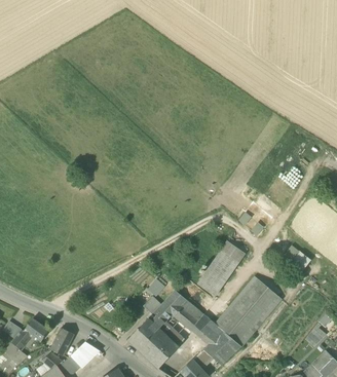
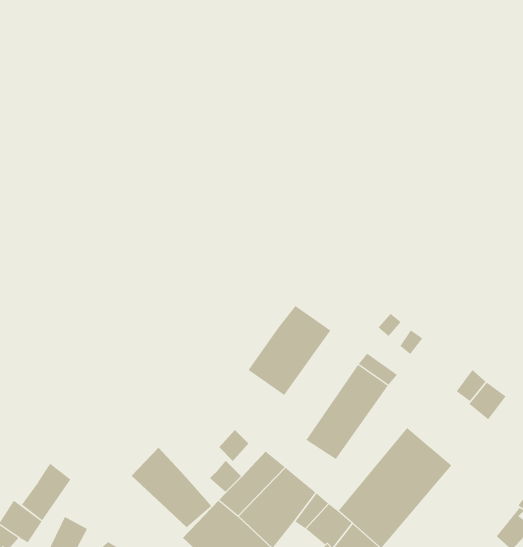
building: none -> [248,305,331,396]
building: none -> [131,447,212,528]
building: none -> [21,463,71,521]

